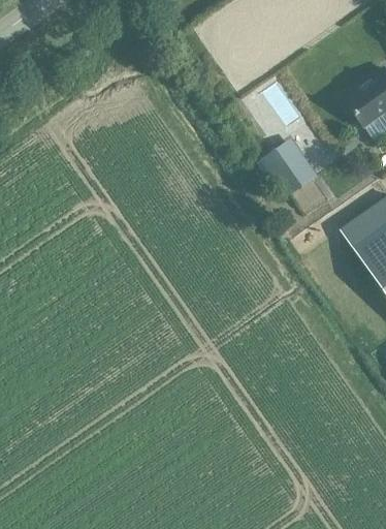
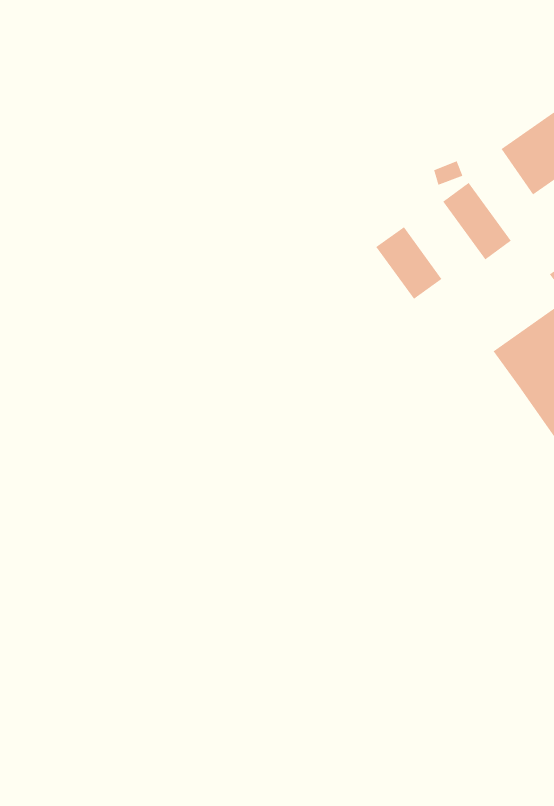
building: none -> [442,182,512,261]

